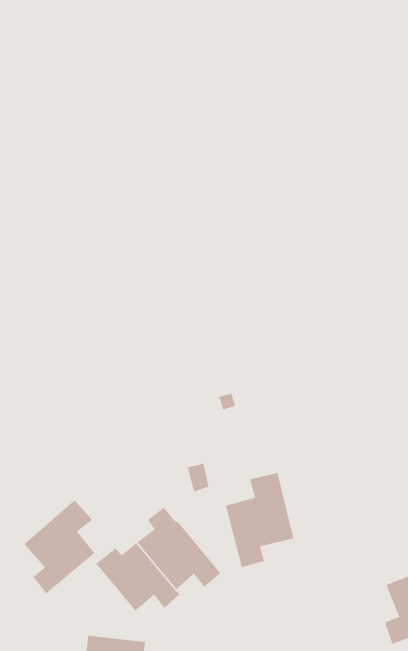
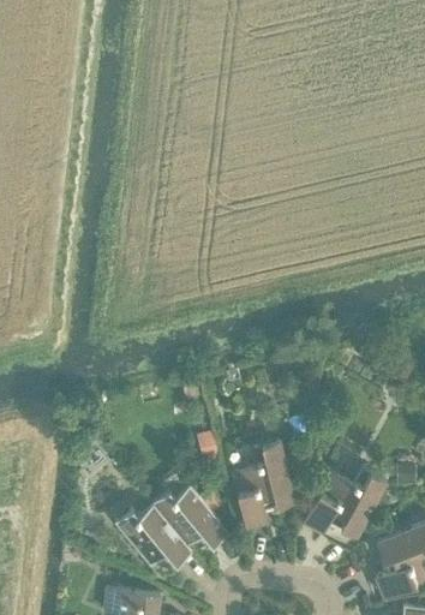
building: [24,499,95,594] -> none
building: none -> [304,468,387,536]

